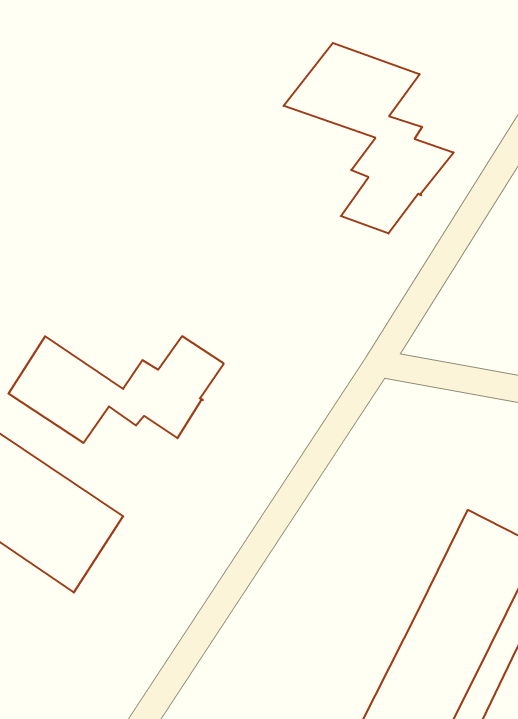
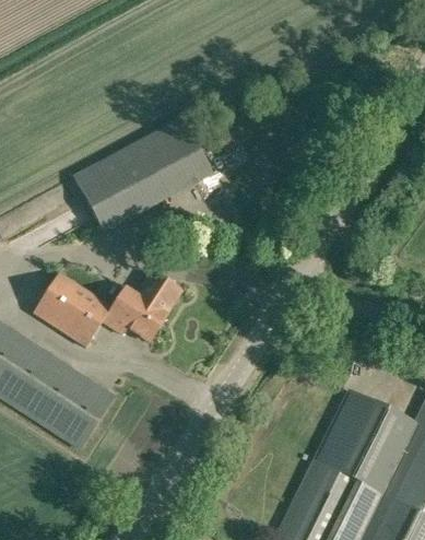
building: [283,43,454,234] -> none
building: none -> [75,119,213,232]

